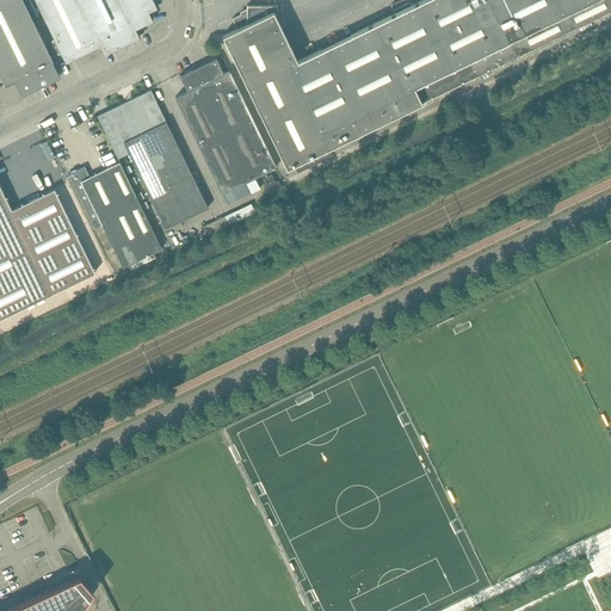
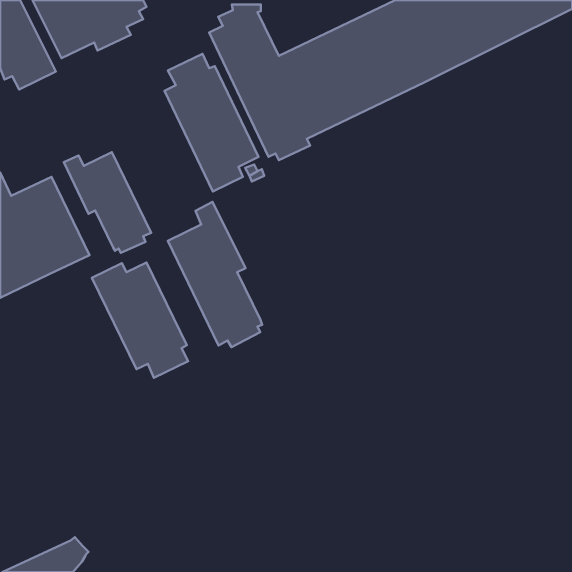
building: [97,90,208,228] -> none
building: none -> [168,202,262,347]
building: none -> [92,263,188,378]

